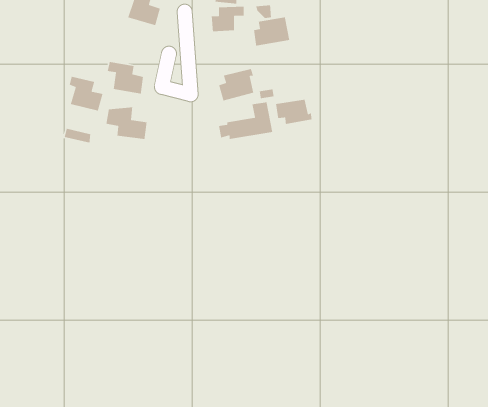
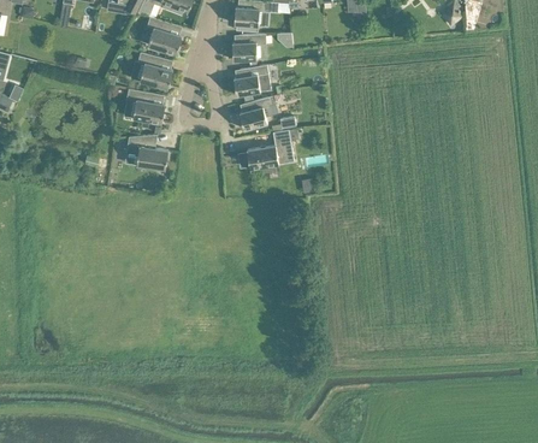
building: [253,17,290,46] -> [233,65,271,95]
building: [69,76,103,112] -> [137,52,172,88]
building: [275,99,313,125] -> none

